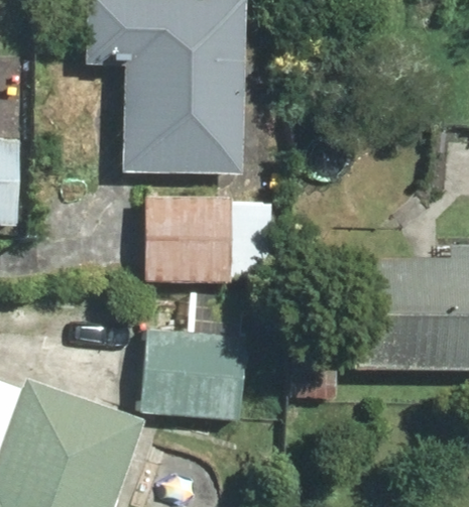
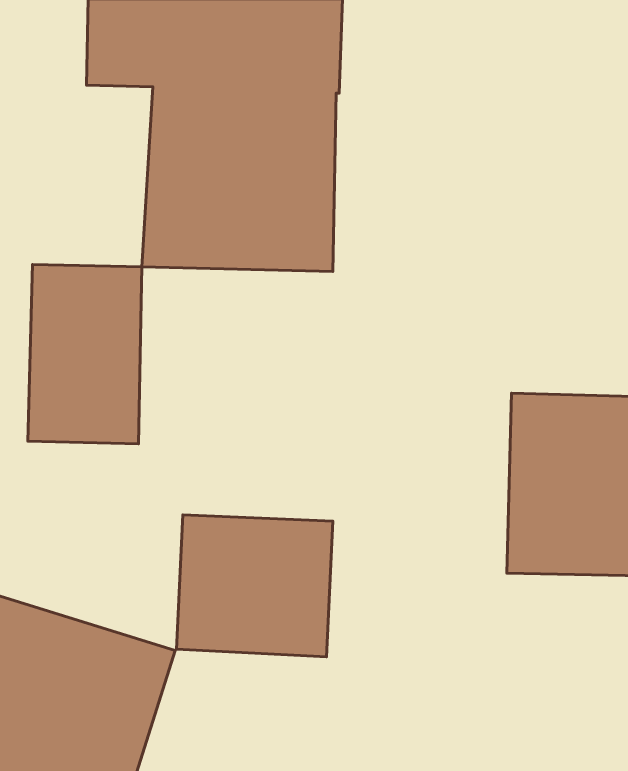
building: none -> [28,264,142,444]
building: [145,193,277,261] -> none

